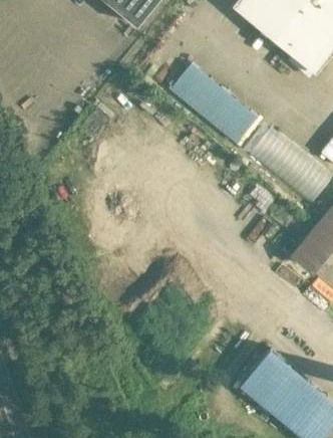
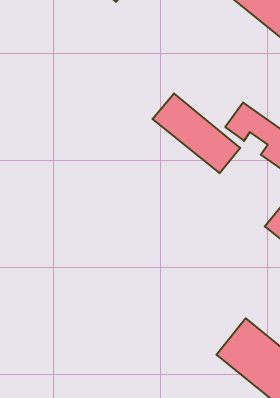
building: [169,62,258,144] -> [152,93,240,173]

